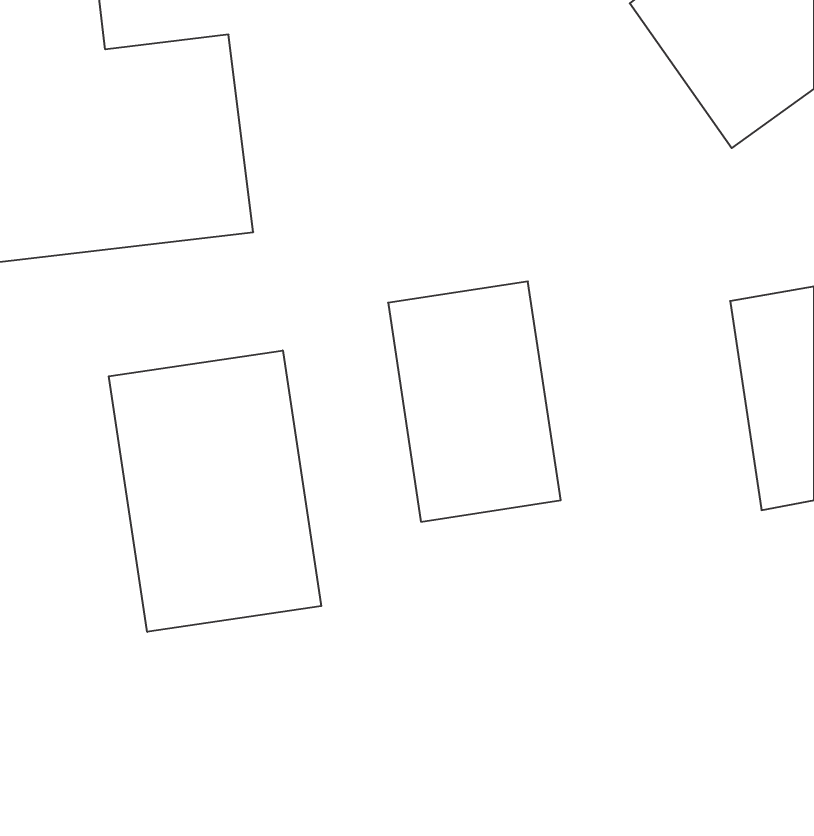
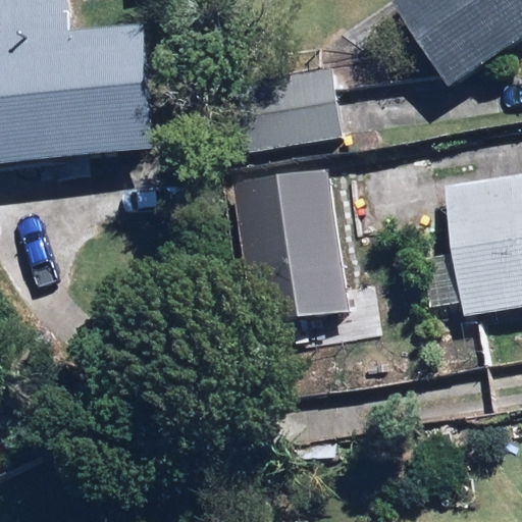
building: none -> [247,65,345,150]
building: [109,350,321,632] -> none

